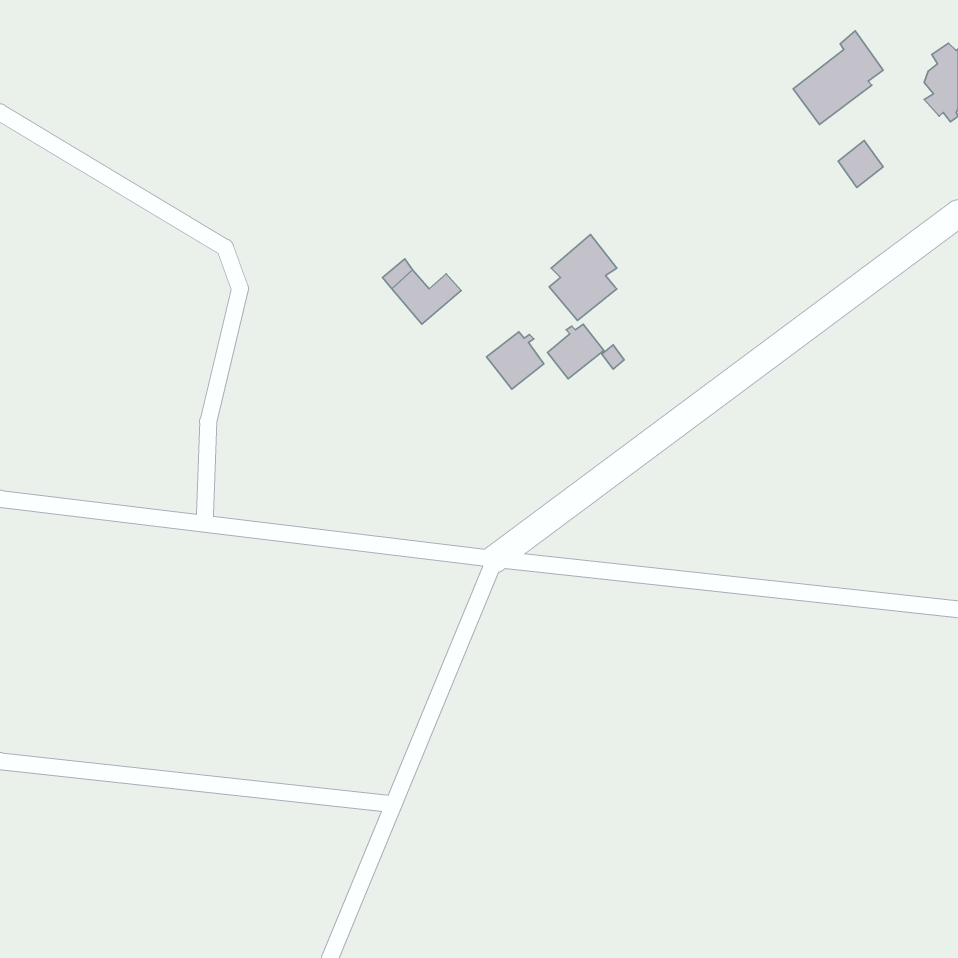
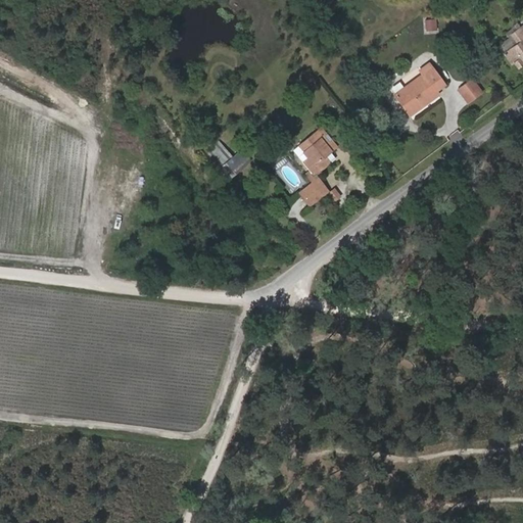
building: [793,31,883,124] -> [395,63,444,114]
building: [487,332,544,389] -> none

